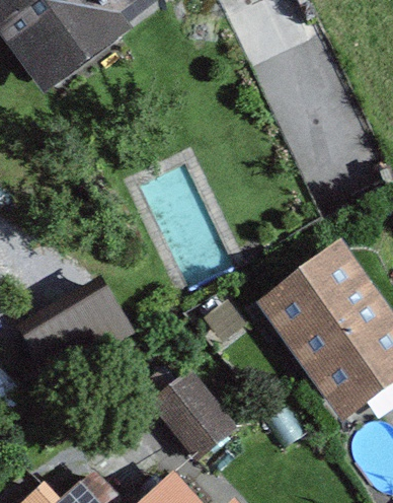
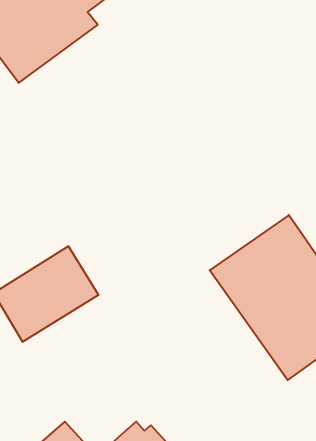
building: [149,369,237,461] -> none

